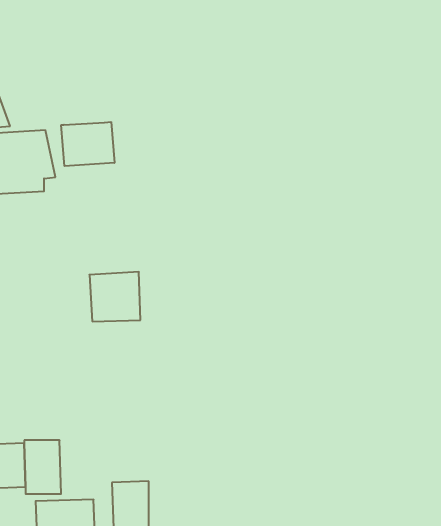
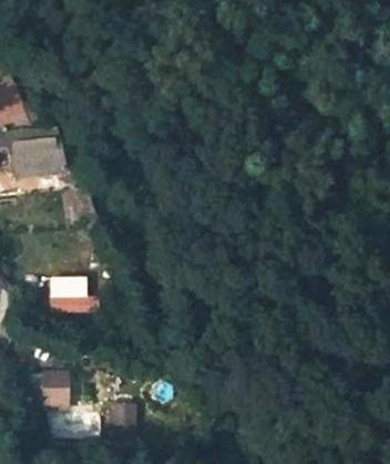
building: [61,122,114,166] -> none
building: [89,272,140,321] -> [45,272,85,311]

